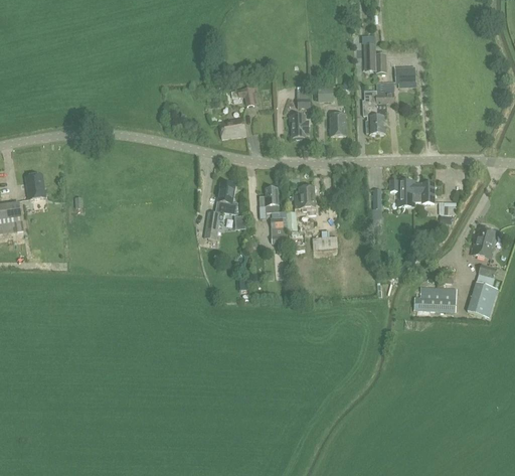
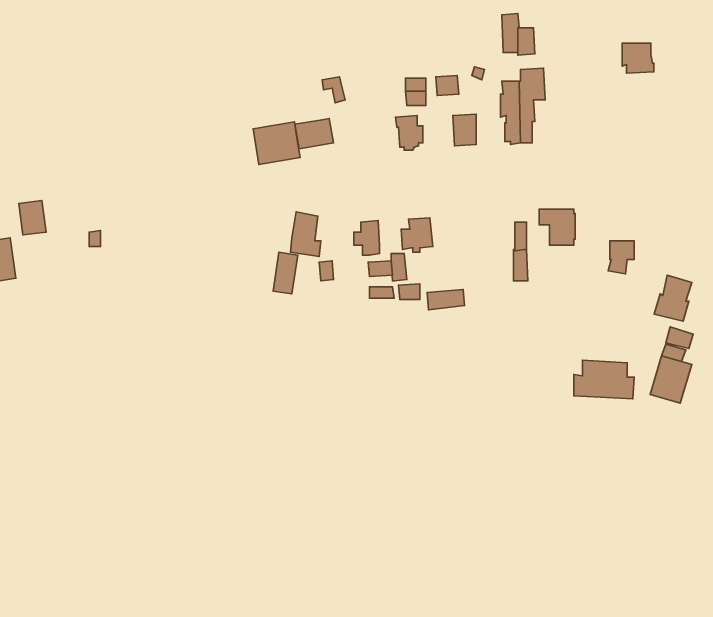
building: [394,65,416,87] -> [622,43,654,73]
building: none -> [253,122,300,164]
building: [414,181,434,201] -> none

